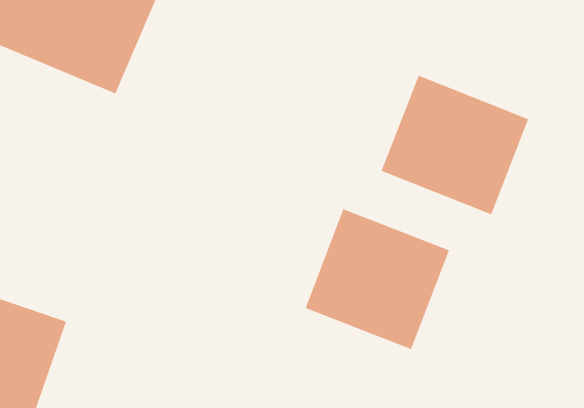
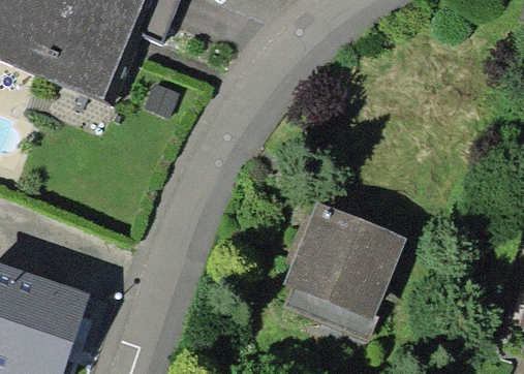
building: [381,75,529,215] -> none

